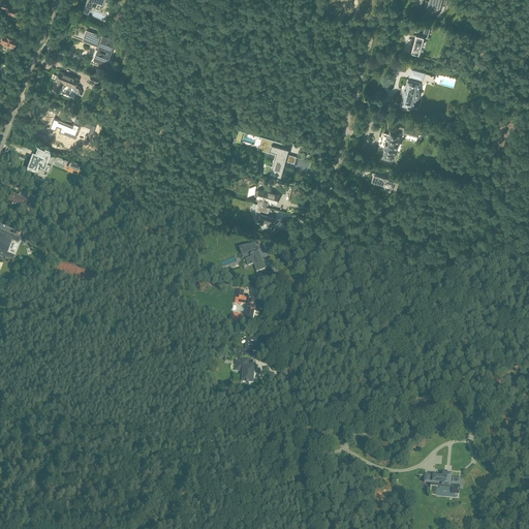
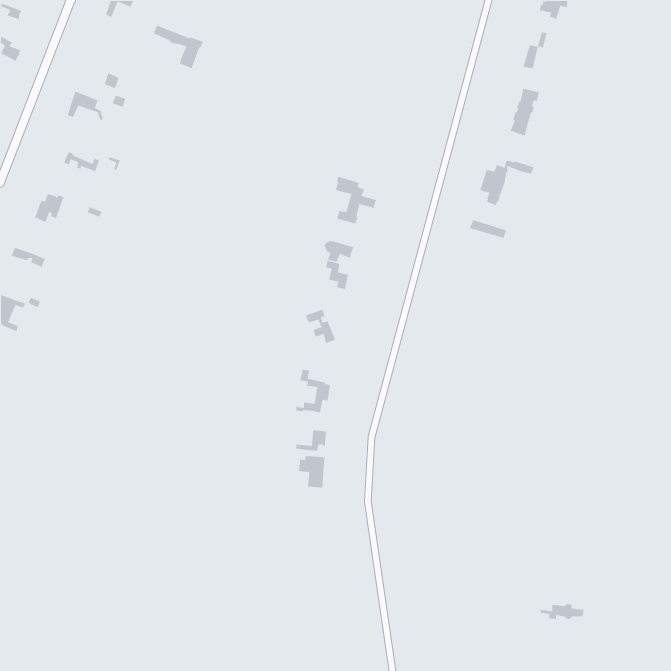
building: [74,27,115,62] -> [153,24,204,69]

